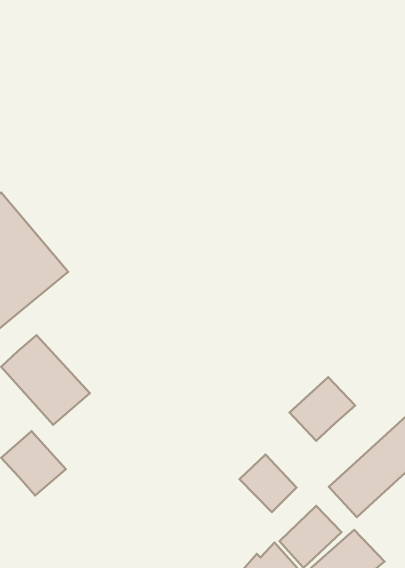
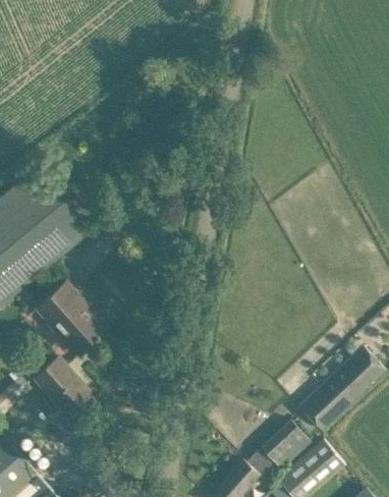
building: [289,377,355,441] -> none
building: [239,454,296,512] -> none

